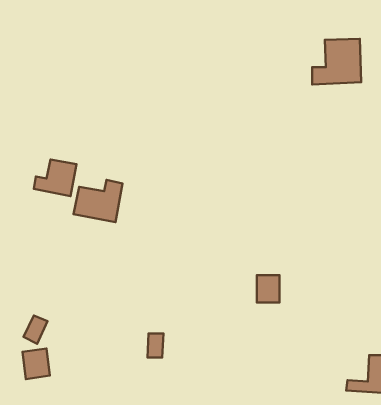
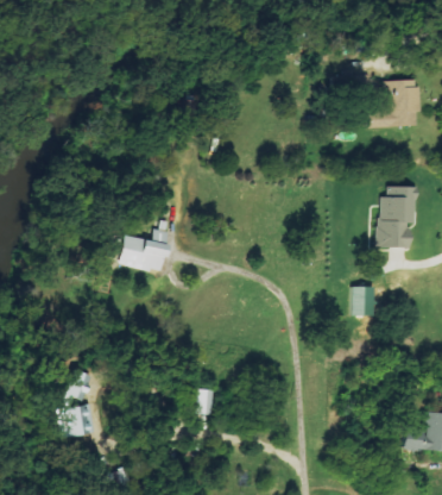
building: none -> [377,187,413,249]
building: [34,160,77,196] -> none
building: [257,275,280,302] -> [349,287,373,315]

